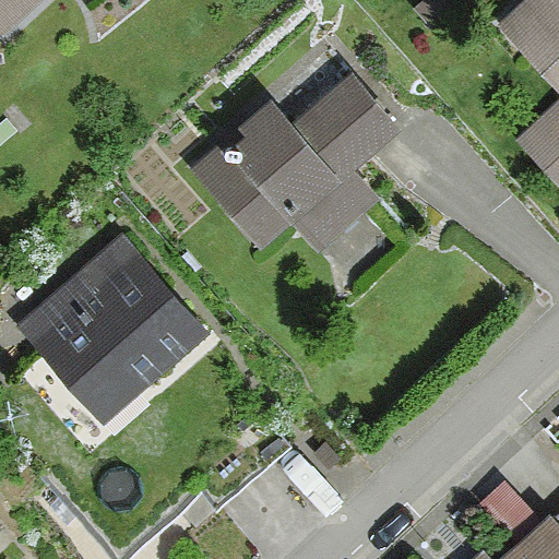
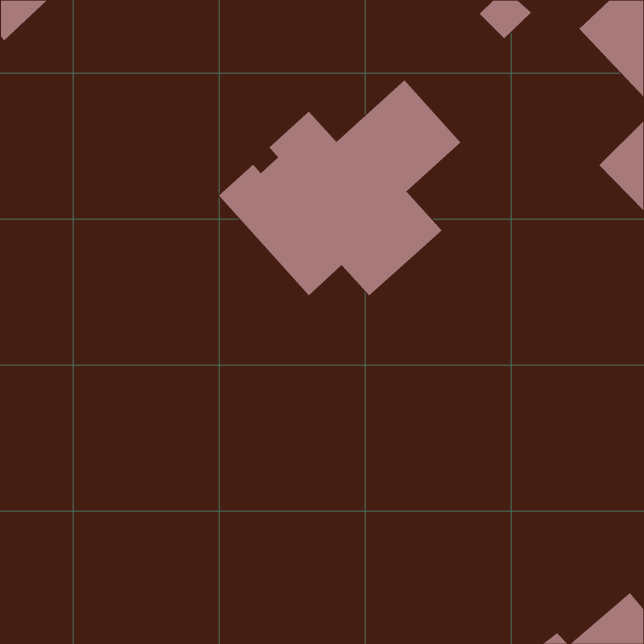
building: [34,257,205,425] -> none

